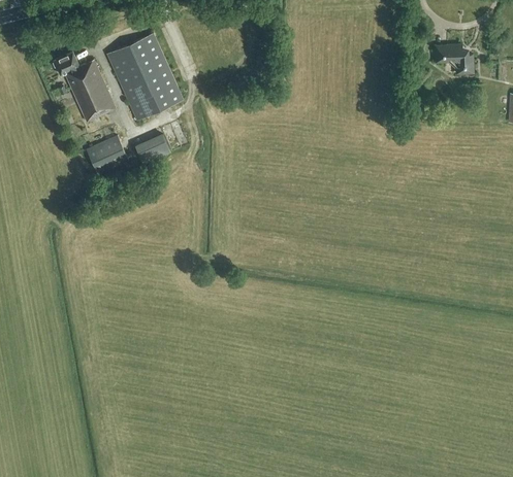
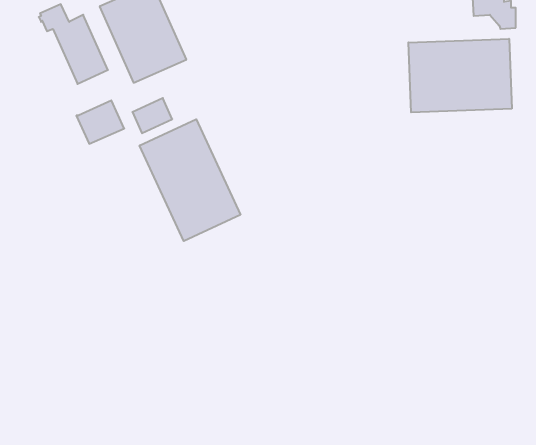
building: none -> [408,39,512,112]
building: none -> [140,119,240,241]

